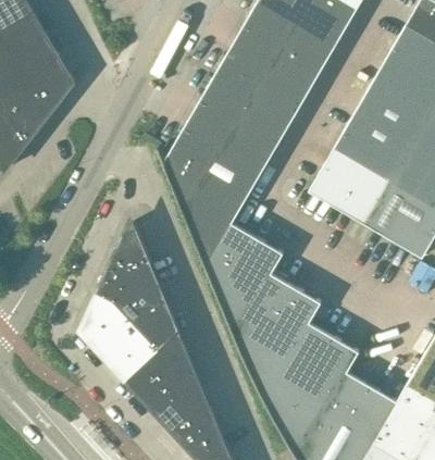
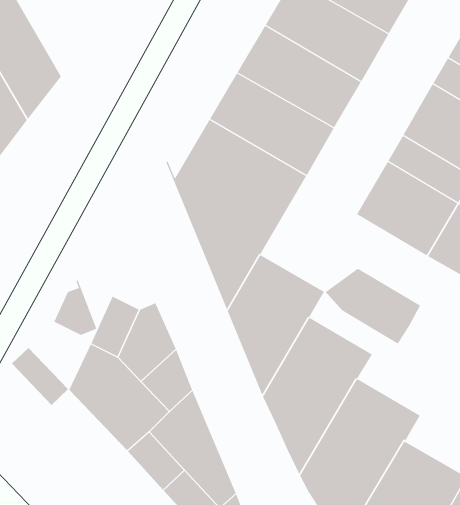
building: [113,223,148,268] -> [54,280,97,336]
building: none -> [325,268,421,344]
building: none -> [11,347,69,406]

